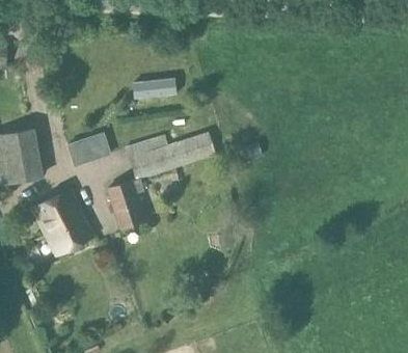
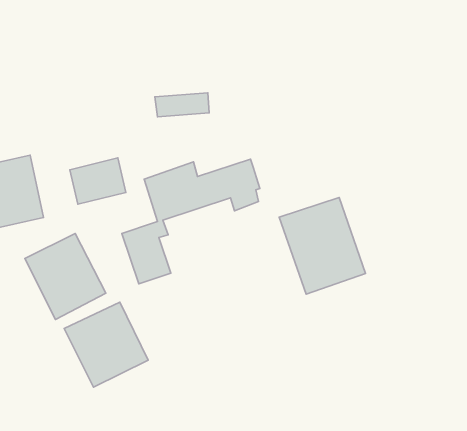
building: none -> [279,198,365,294]
building: none -> [64,302,148,387]

